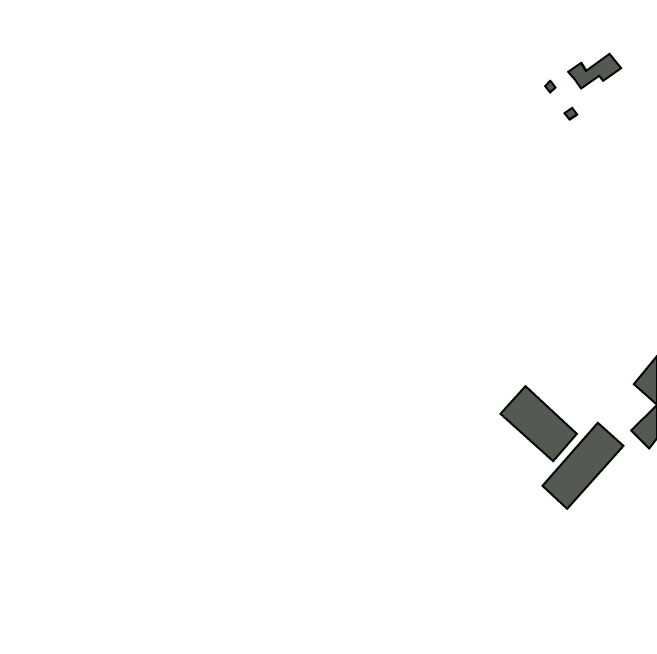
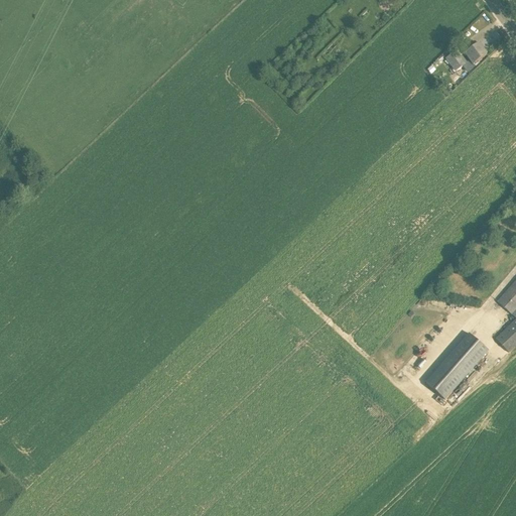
building: [501,386,577,461] -> none

